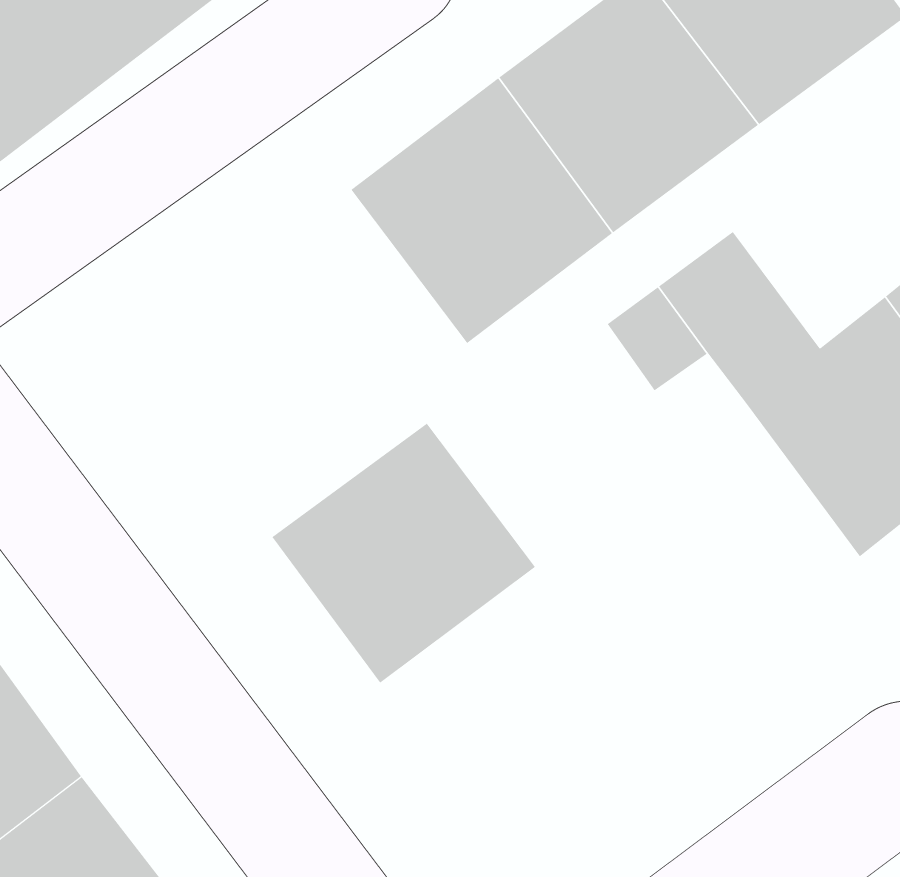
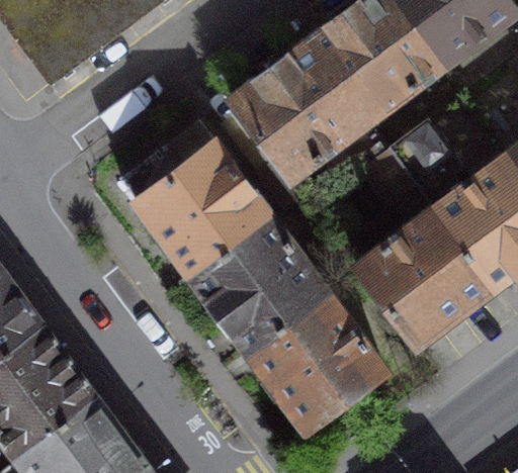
building: none -> [121,124,272,279]
building: none -> [358,210,494,347]
building: none -> [248,294,384,431]

